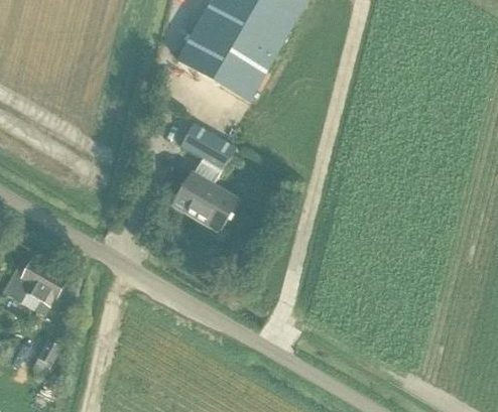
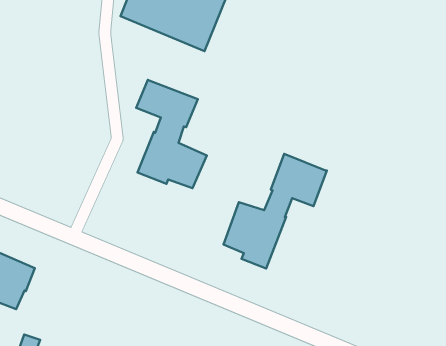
building: none -> [224,154,327,269]

